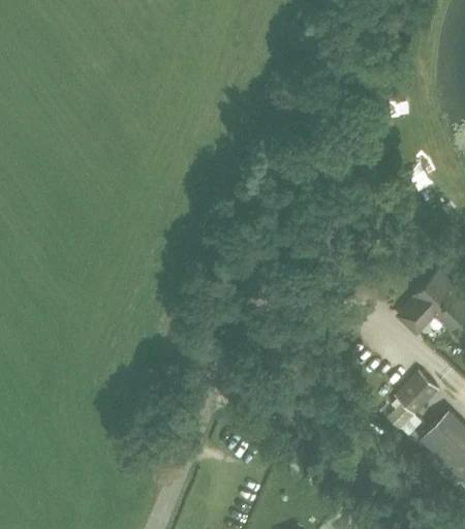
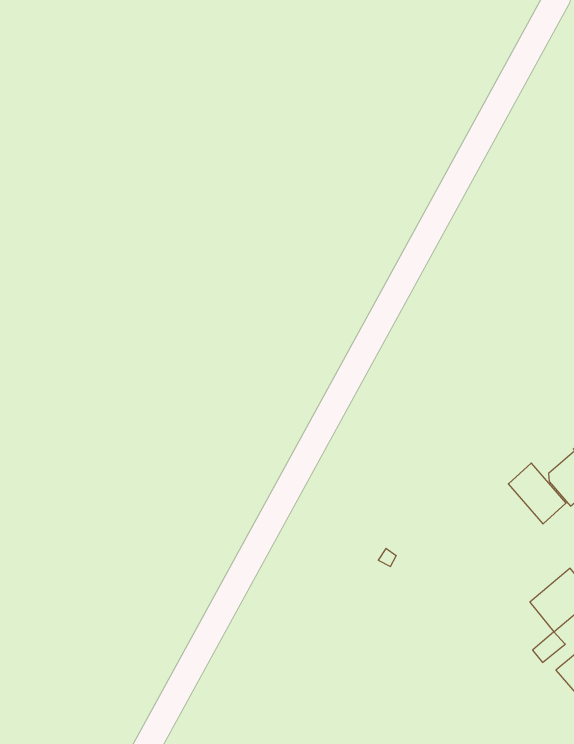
building: none -> [508,463,566,524]

